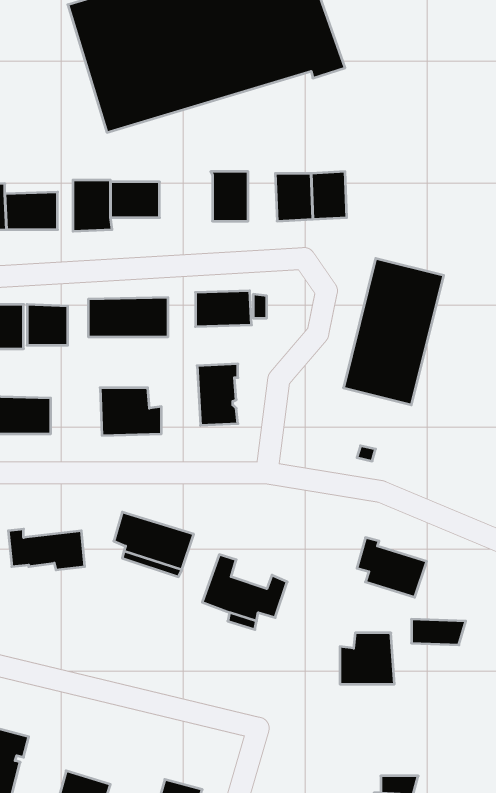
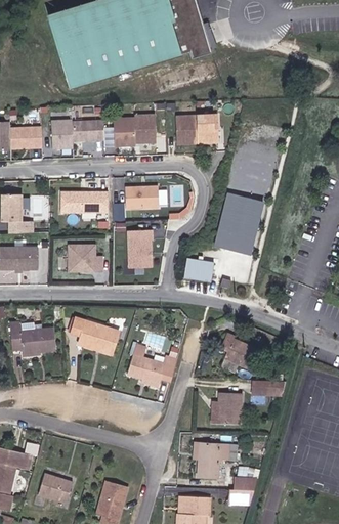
building: none -> [112,116,133,145]
building: none -> [183,257,213,280]
building: none -> [200,441,227,473]

